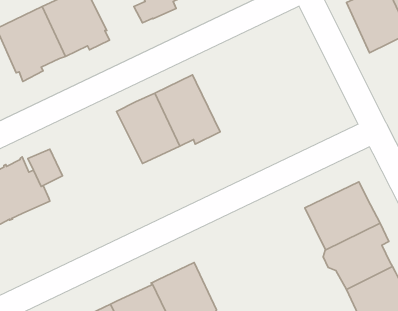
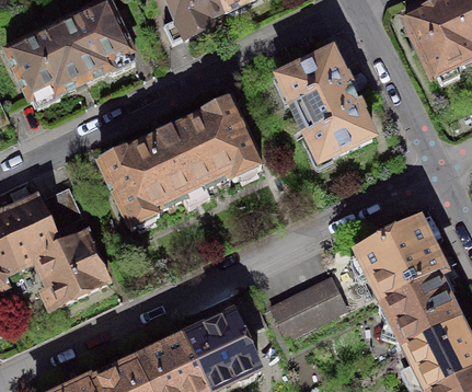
building: none -> [278,50,372,160]
building: none -> [100,140,172,229]
building: none -> [35,229,107,305]
building: none -> [269,273,345,334]

